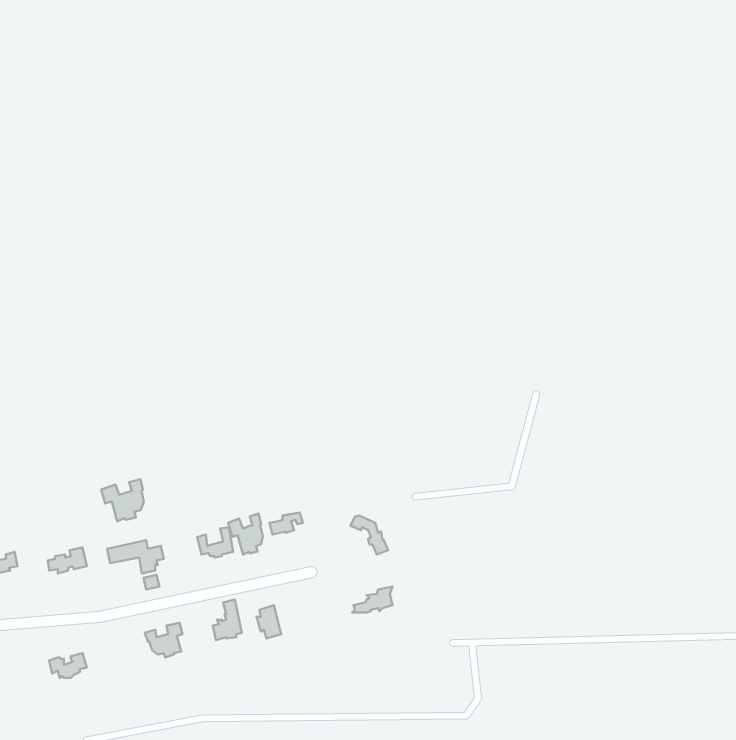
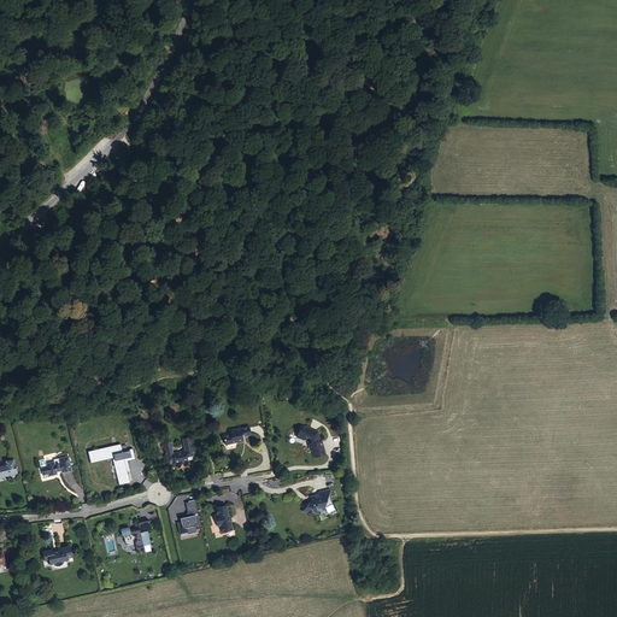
building: [101,479,144,521] -> none
building: [228,514,263,555] -> none

